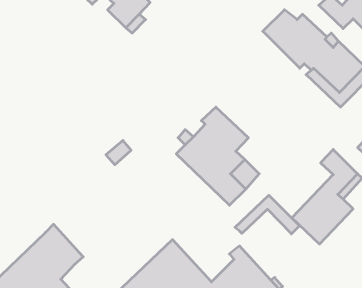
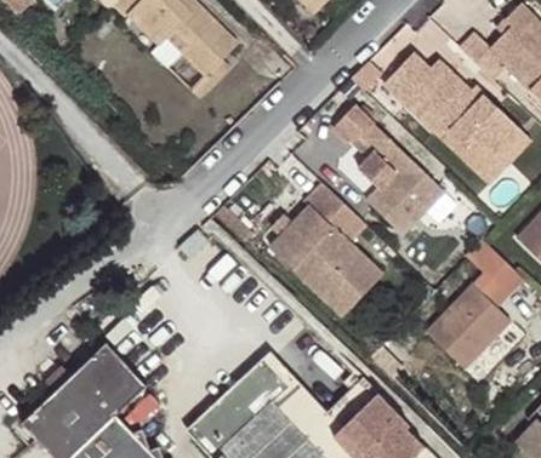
building: none -> [336,103,448,236]
building: [235,195,299,234] -> none

